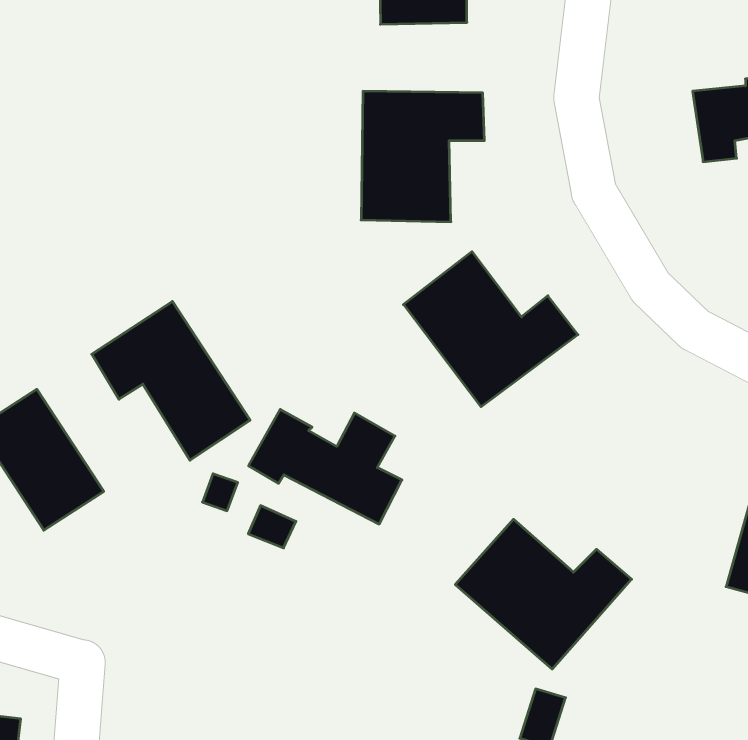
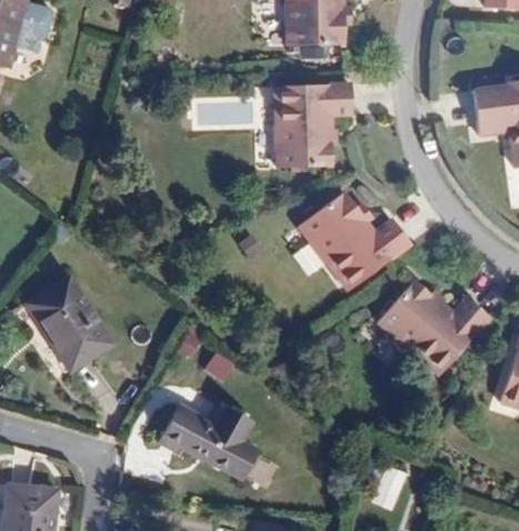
building: [92,301,250,460] -> none
building: [249,409,402,524] -> [160,403,257,475]
building: [455,519,632,669] -> [379,282,490,377]

